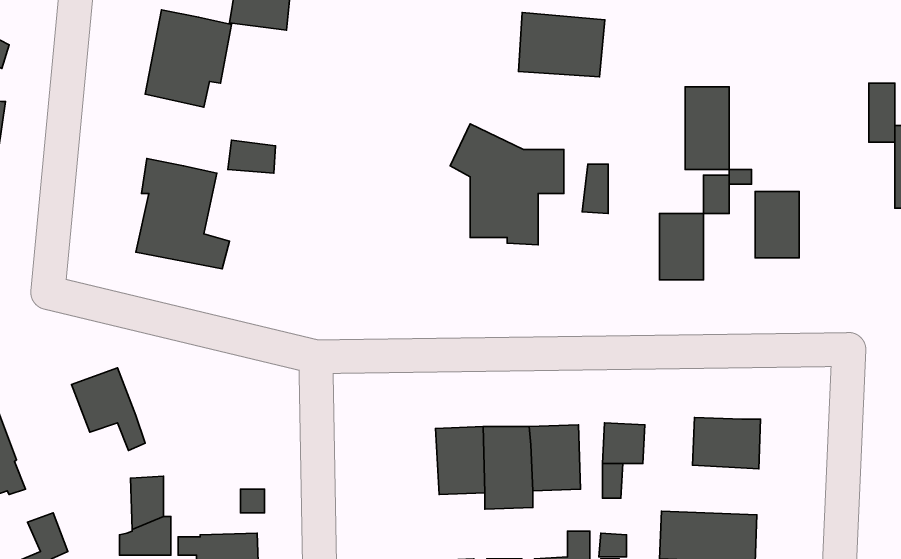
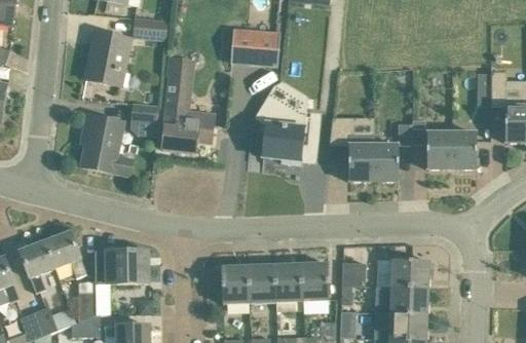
building: [519,13,605,77] -> [231,30,279,66]
building: none -> [161,58,215,152]
building: [685,87,729,170] -> [348,136,373,182]
building: none -> [451,132,476,169]
building: none -> [18,240,54,293]
building: none -> [95,250,148,283]
building: none -> [221,265,250,303]
building: none -> [374,285,428,313]
building: none -> [34,307,74,334]

